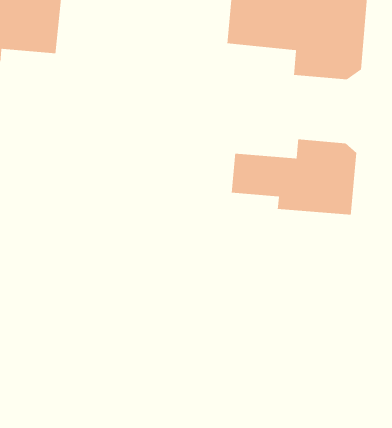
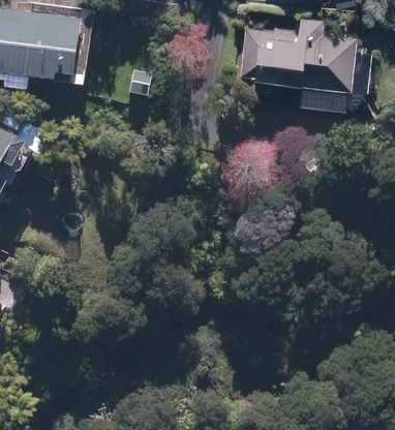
building: [231,139,357,215] -> none

